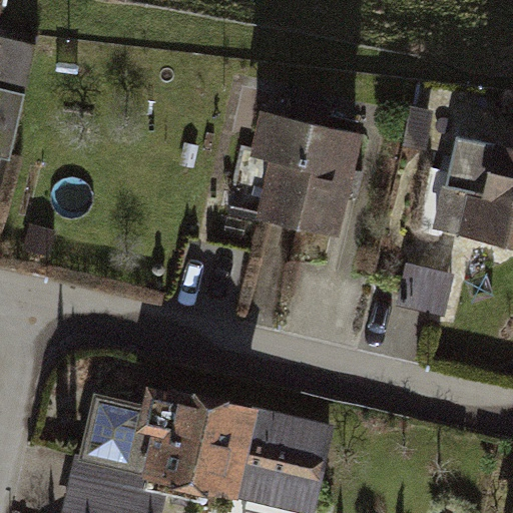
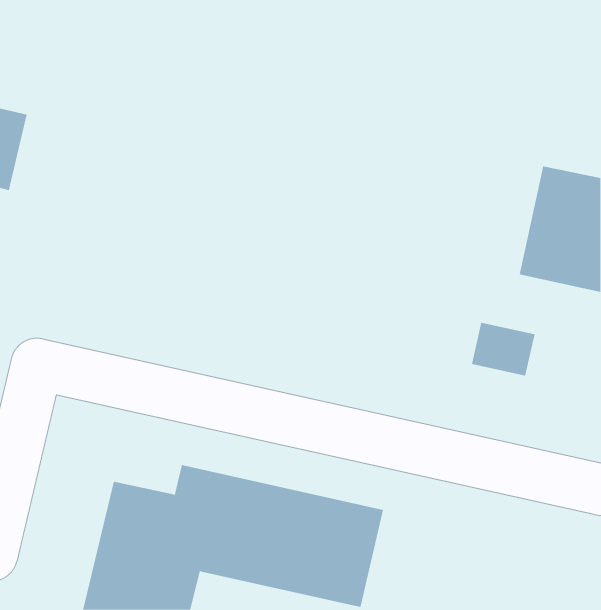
building: [258,117,359,236] -> none

